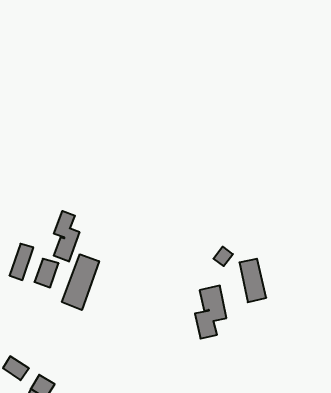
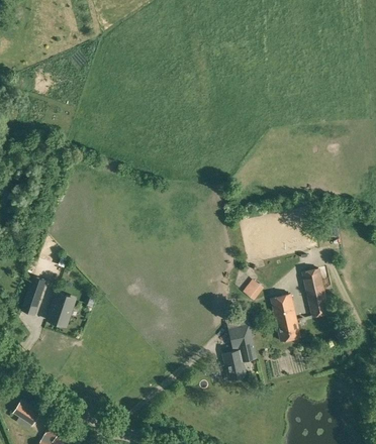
building: [54,211,79,262] -> none
building: none -> [302,269,330,318]
building: [62,254,99,310] -> none

